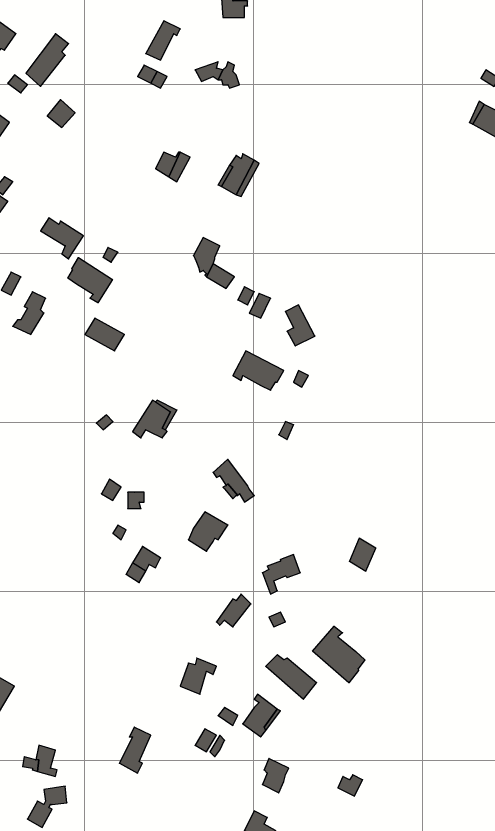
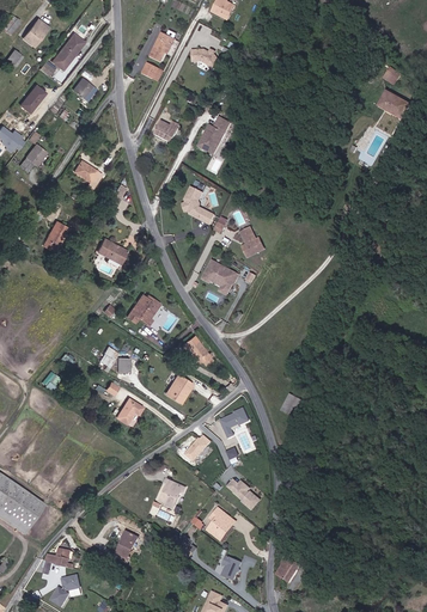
building: [68,258,112,303] -> none
building: [313,626,365,683] -> none

